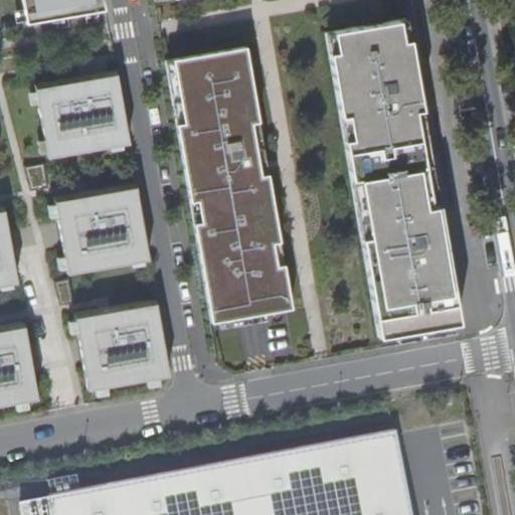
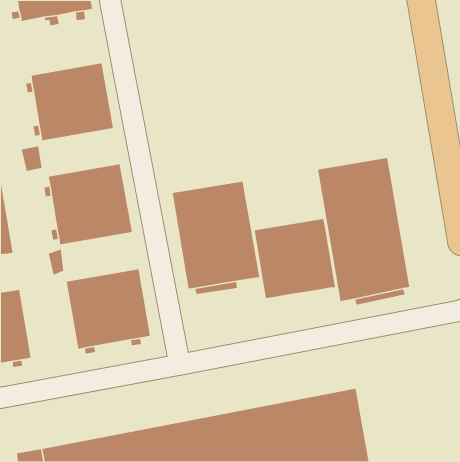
building: [328,15,434,188] -> none
building: [166,45,273,214] -> none
building: none -> [254,218,336,299]

